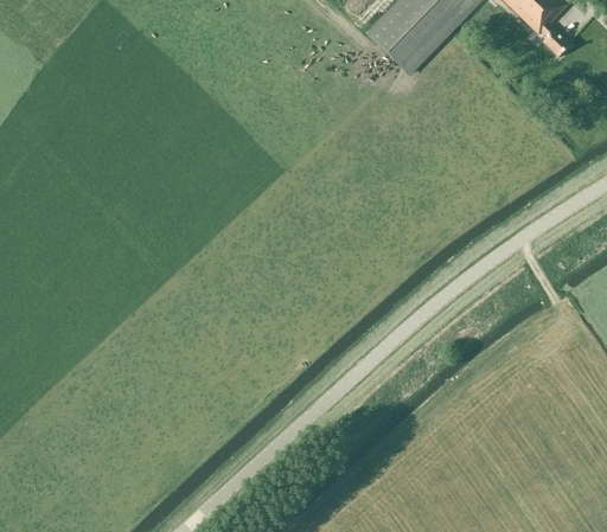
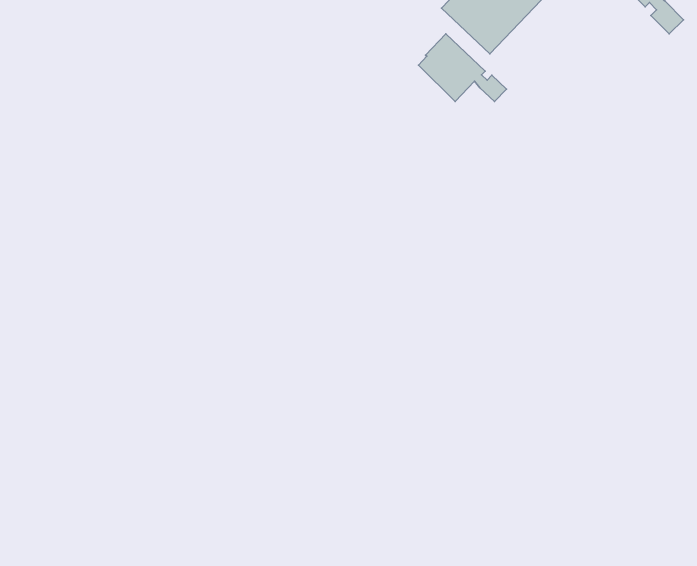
building: none -> [418,34,506,102]

